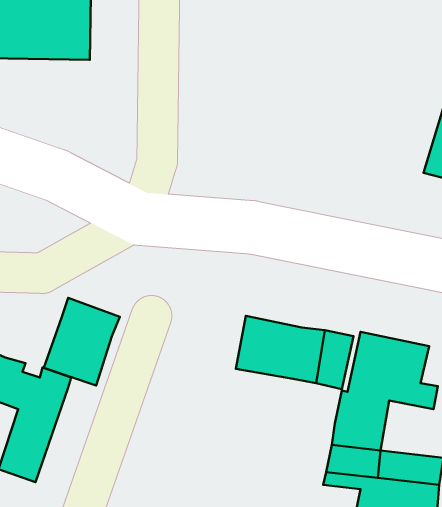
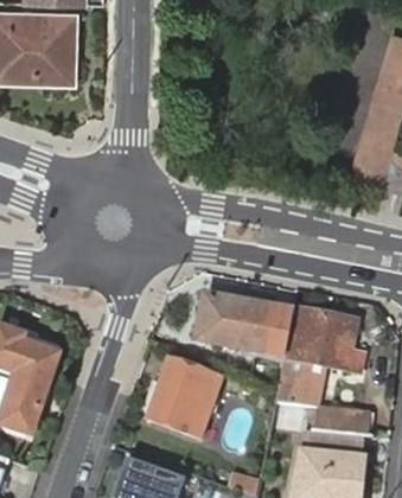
building: [44,298,120,386] -> none
building: none -> [148,357,223,436]

